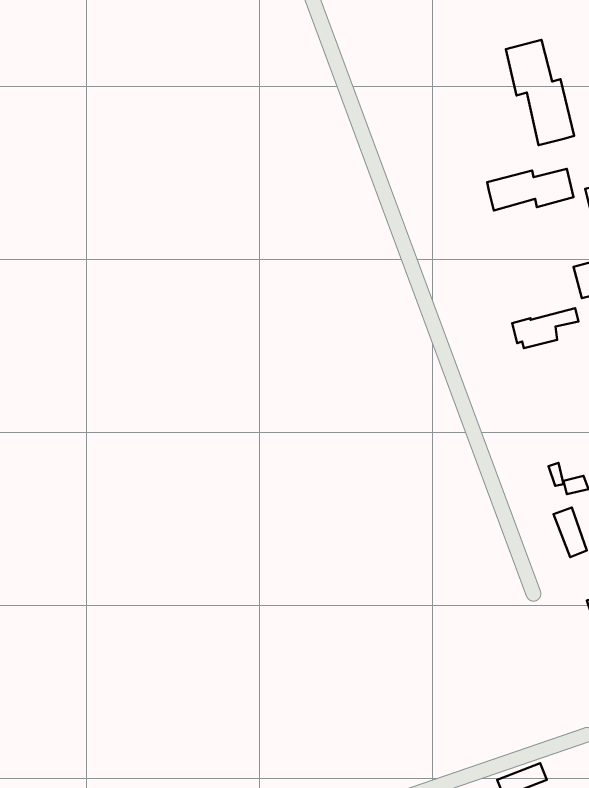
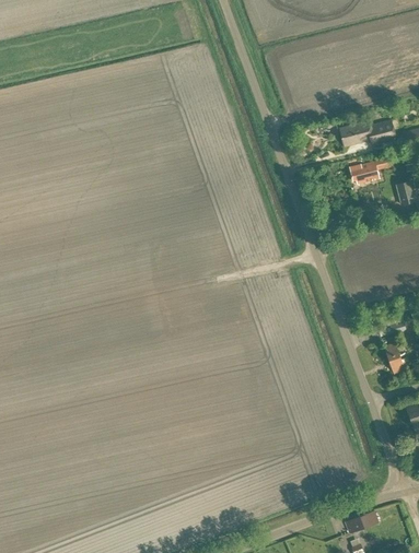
building: [506,40,574,145] -> none
building: [512,308,579,348] -> [349,157,393,184]

